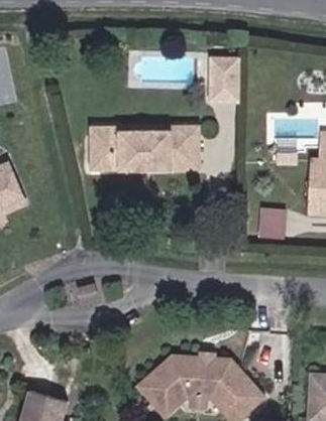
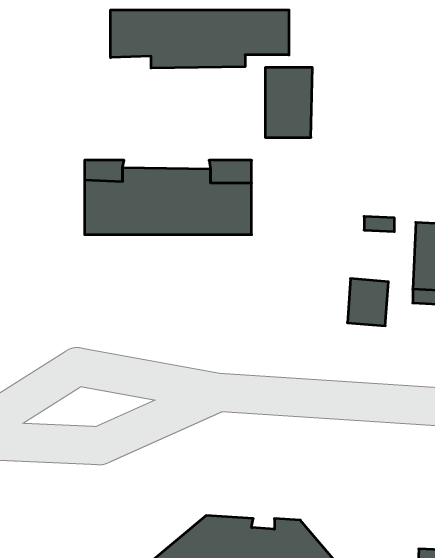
building: none -> [111,10,289,68]

